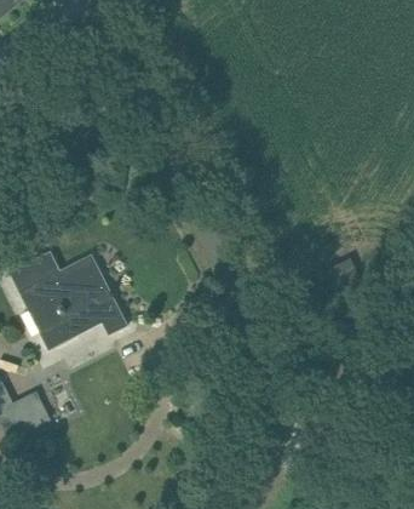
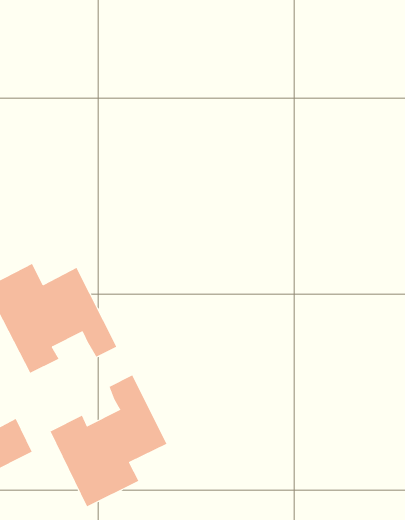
building: none -> [50,375,167,507]

